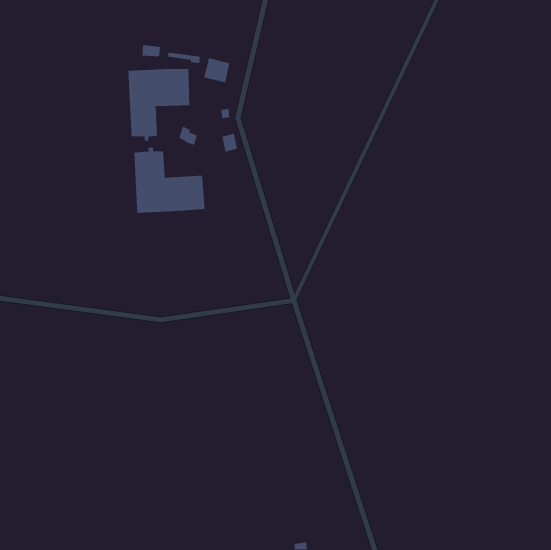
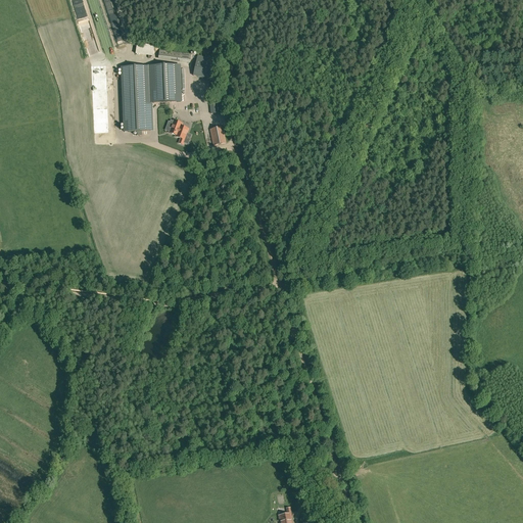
building: [133,147,205,214] -> none

